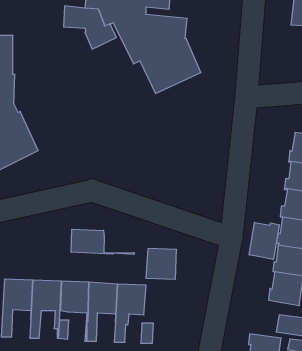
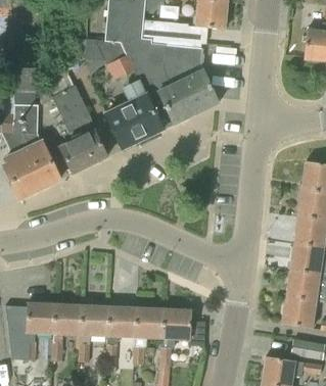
building: none -> [39,66,107,174]
building: none -> [106,95,164,148]
building: [249,222,279,260] -> none
building: [71,229,134,254] -> none
building: [146,249,177,279] -> [162,309,192,339]

